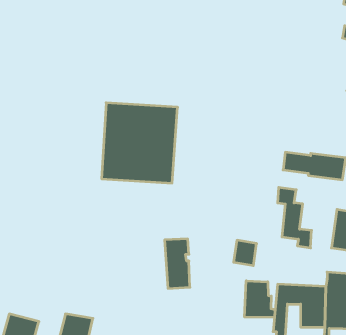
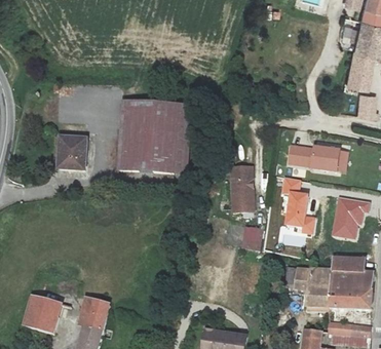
building: none -> [58,134,87,169]
building: [165,239,190,288] -> [230,165,254,211]
building: [245,281,275,318] -> none

